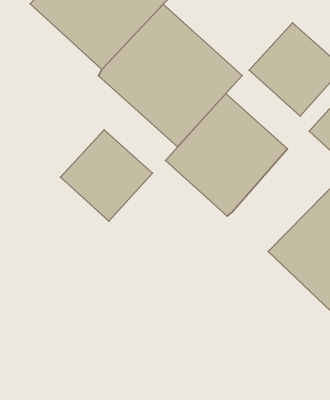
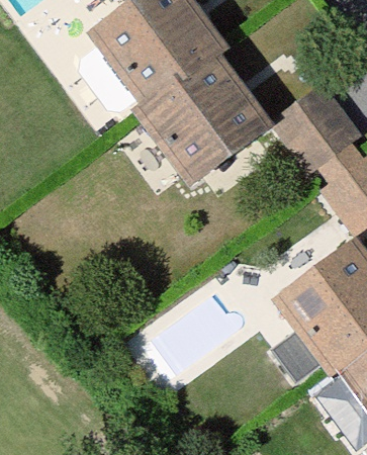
building: [166,94,287,216] -> none
building: [61,130,152,221] -> none

